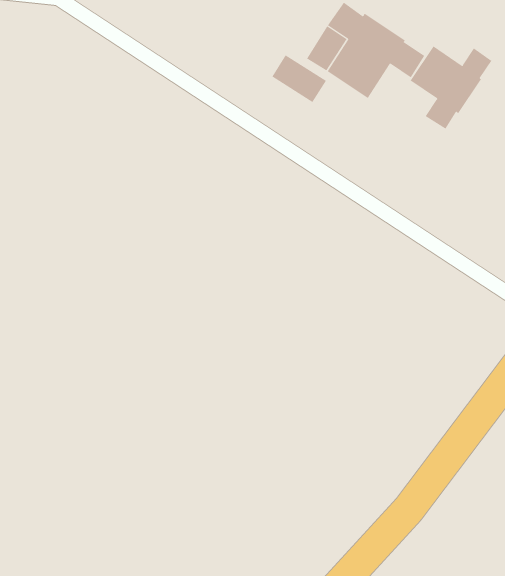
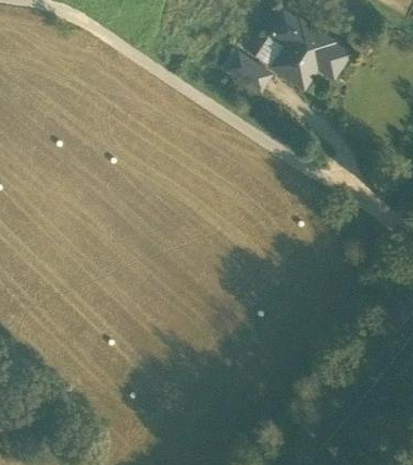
building: [410,45,492,130] -> none

